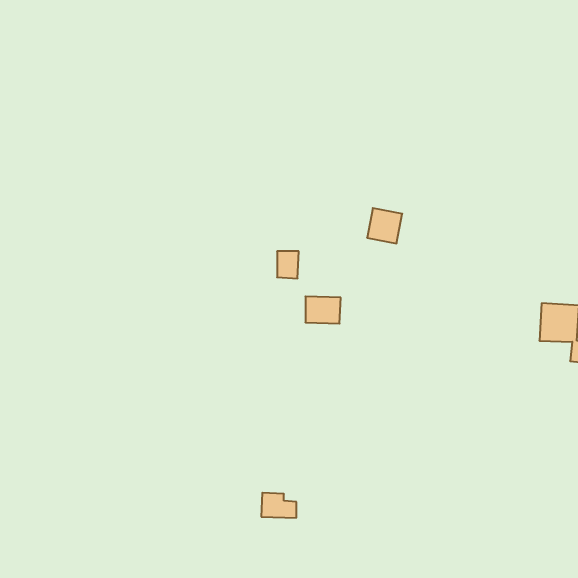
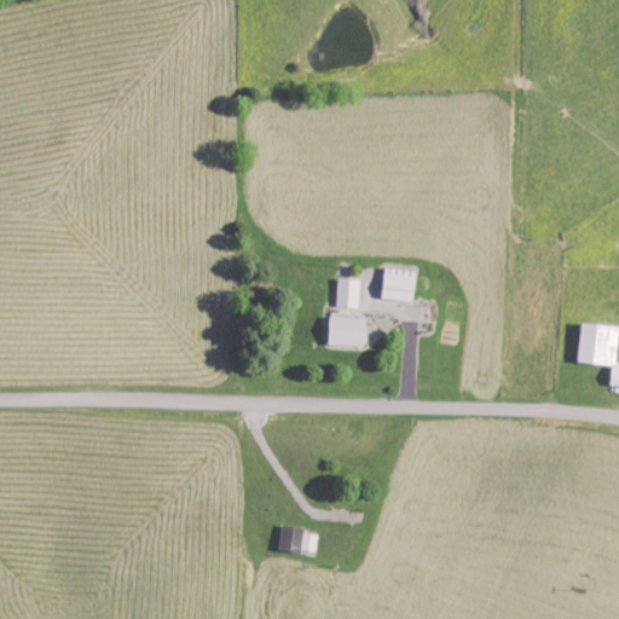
building: [367,208,402,243] -> [380,265,417,302]
building: [277,251,299,278] -> [337,278,360,307]

